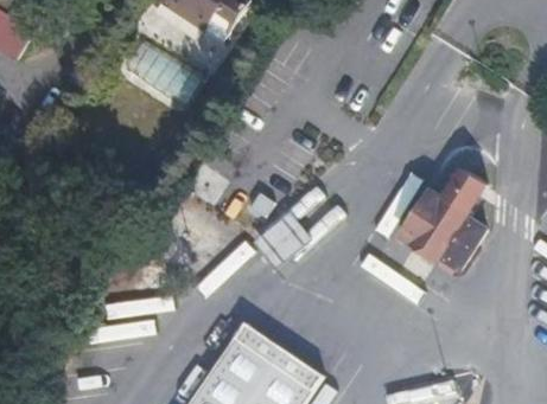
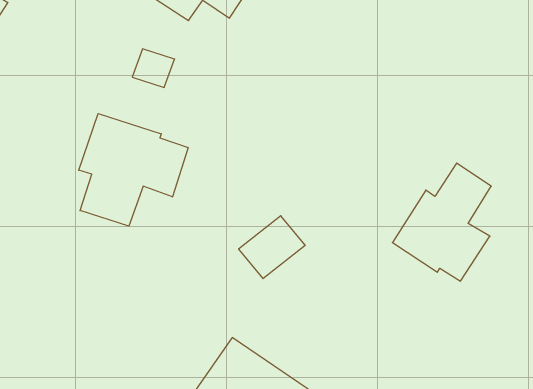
building: none -> [79,114,188,226]

